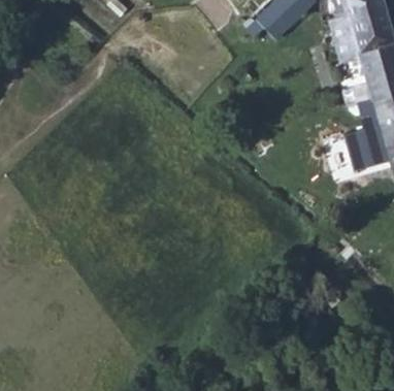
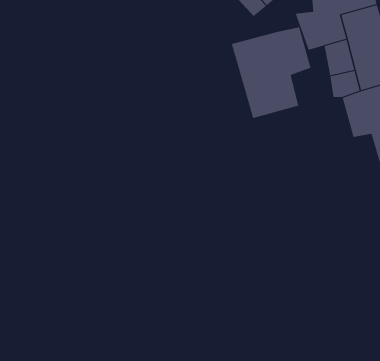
building: none -> [231,26,311,119]

